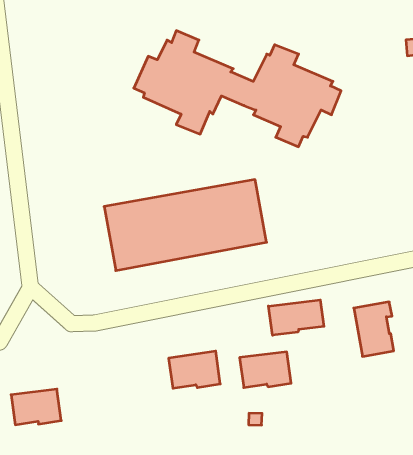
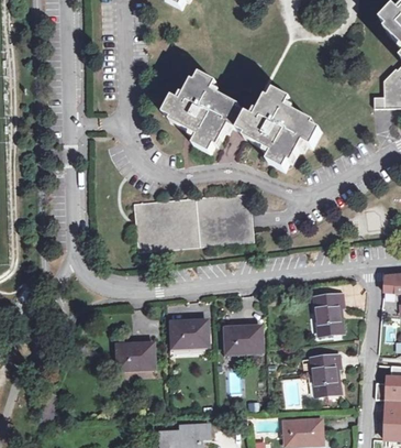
building: [268,300,324,335] -> none
building: none -> [310,352,339,394]
building: [11,389,61,425] -> [116,341,153,367]

